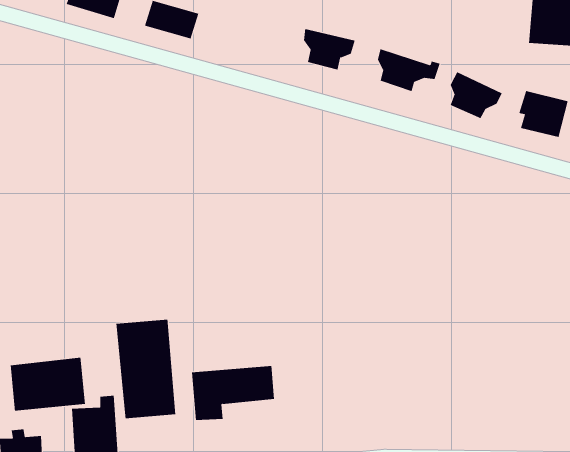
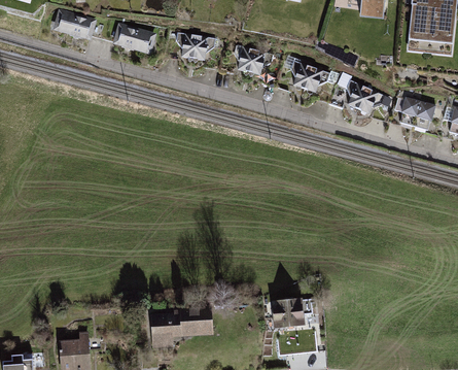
building: none -> [177,32,217,61]
building: [116,319,176,419] -> none
building: none -> [271,295,304,328]
building: [10,357,86,411] -> none

